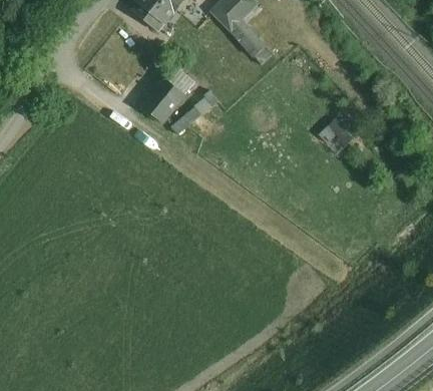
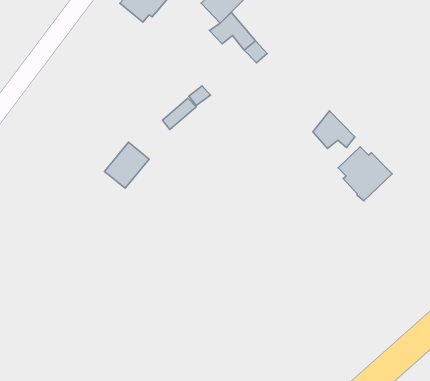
building: [141,77,184,121] -> [104,142,149,188]
building: none -> [338,147,392,201]

